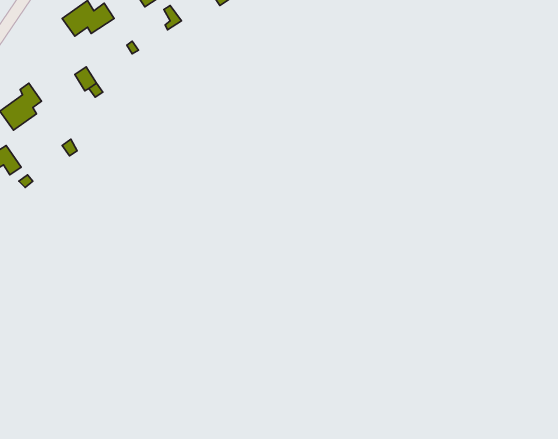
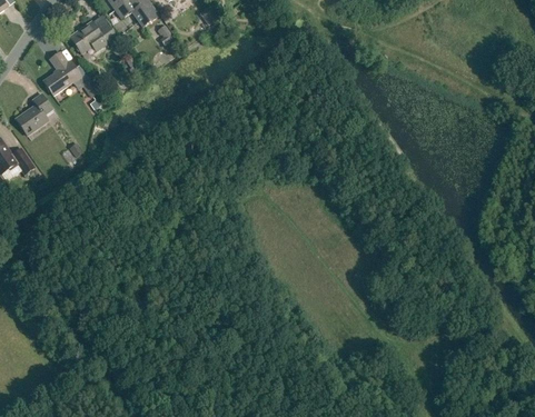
building: none -> [42,51,80,93]

